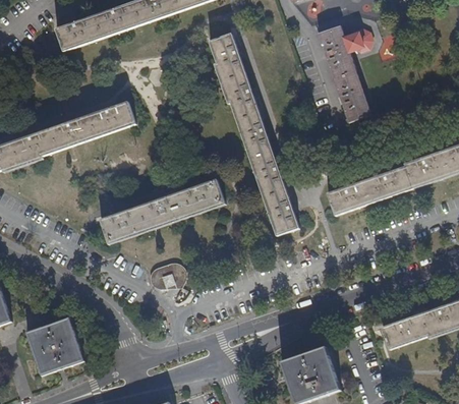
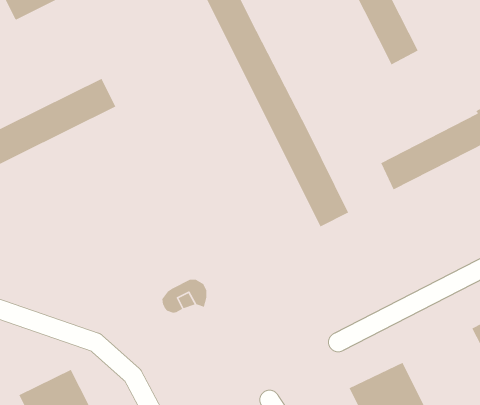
building: [97,178,223,245] -> none

